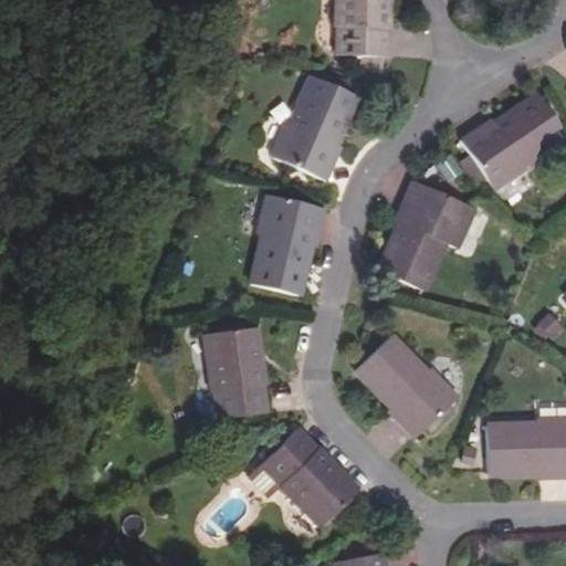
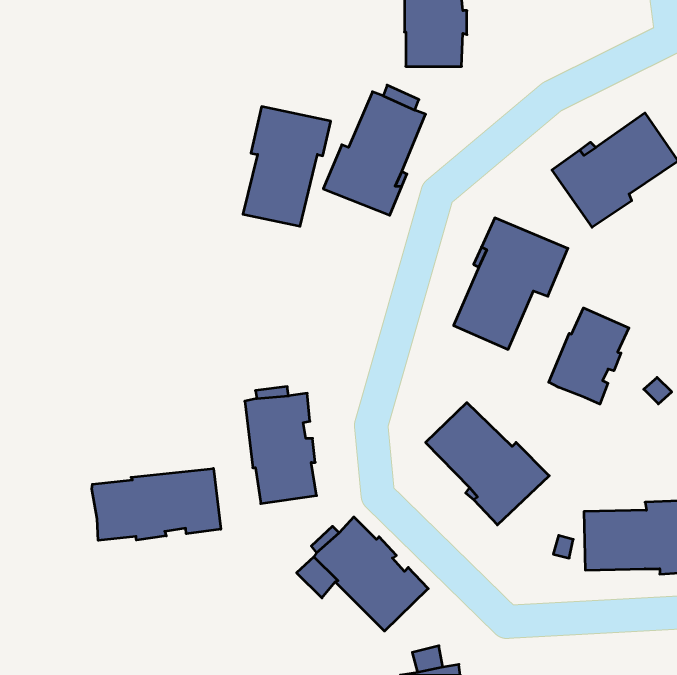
building: [252,196,325,295] -> [243,107,331,226]
building: none -> [549,308,629,404]
building: none -> [92,468,221,540]

